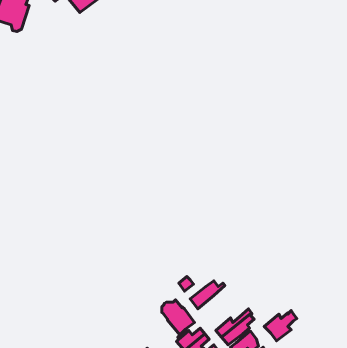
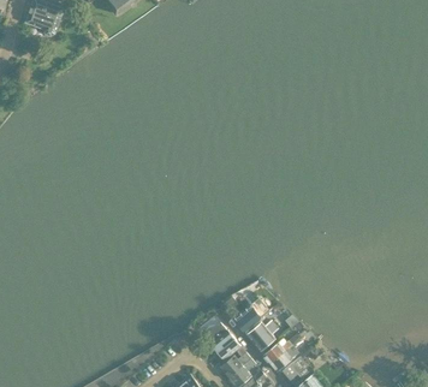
building: [264,311,297,341] -> [245,317,280,350]

